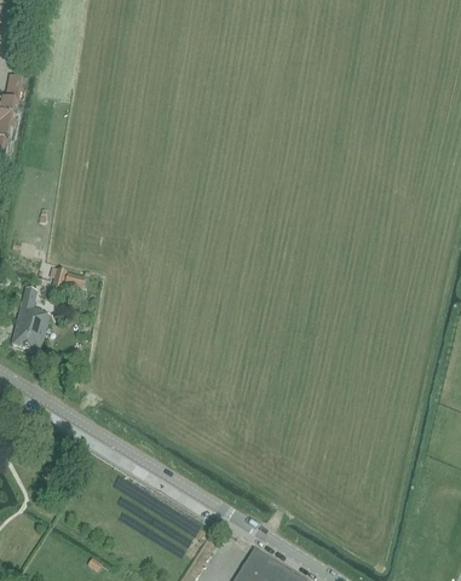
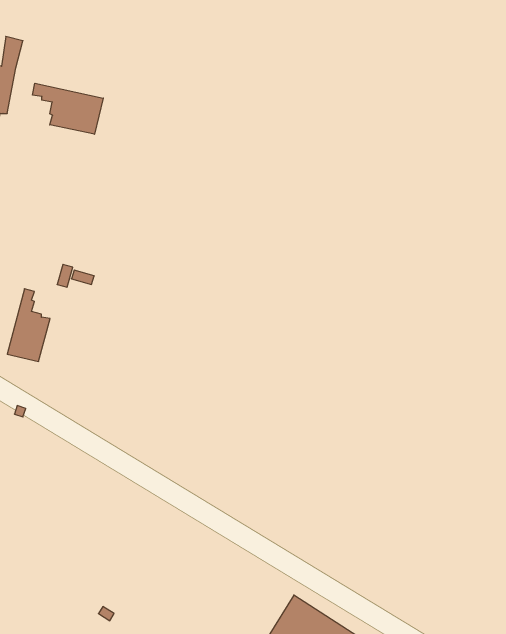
building: none -> [33,83,103,134]

